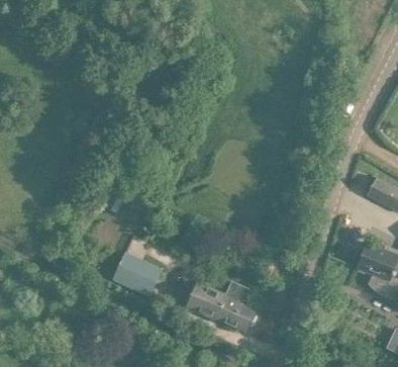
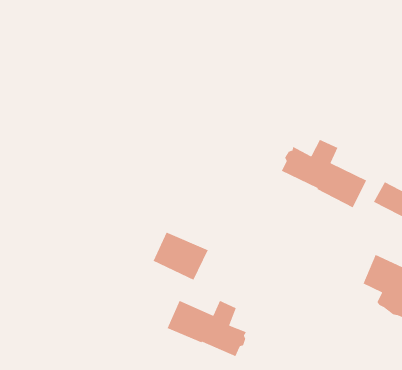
building: none -> [281,139,367,208]
building: [112,253,162,296] -> [152,231,209,281]

